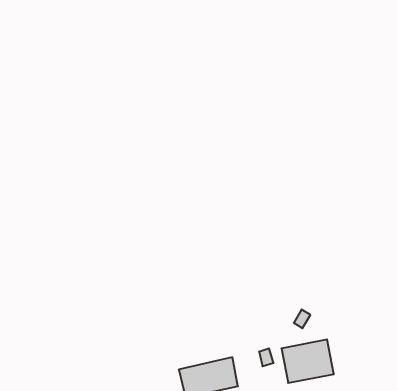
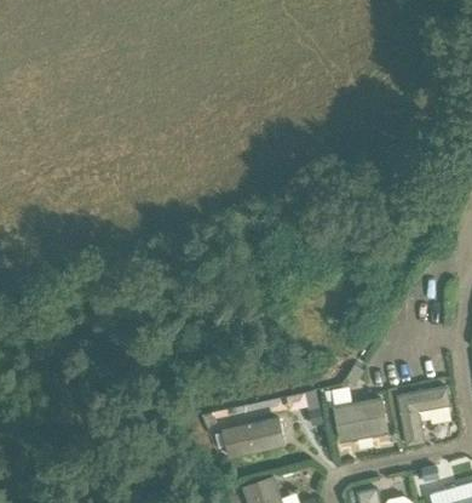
building: none -> [396,385,450,446]

